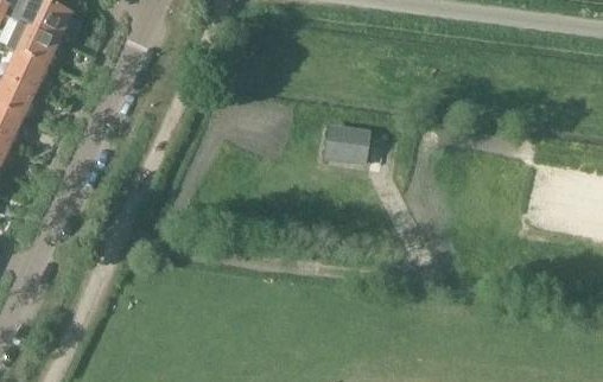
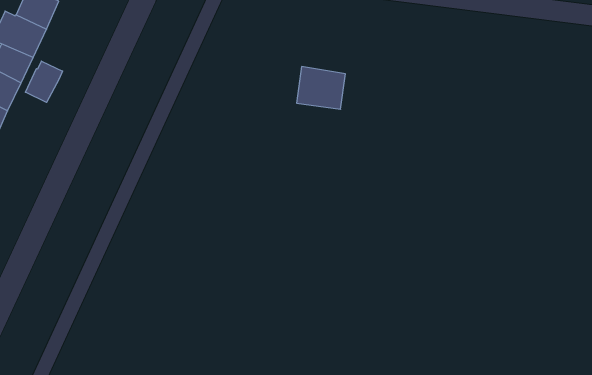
building: none -> [25,61,63,102]
building: [323,125,370,166] -> [297,67,345,109]

